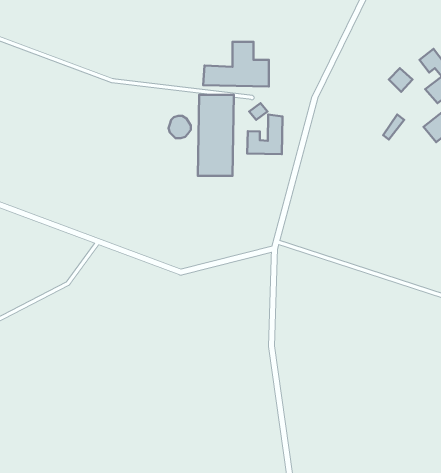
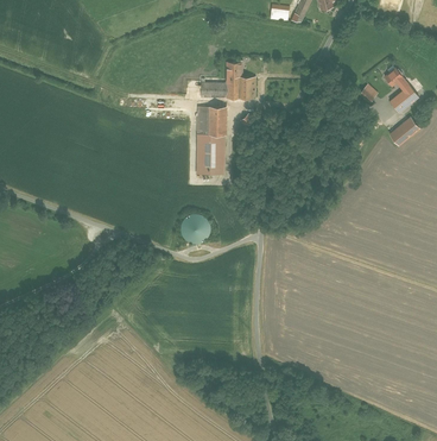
building: [247,115,282,154] -> none
building: none -> [180,214,210,245]

